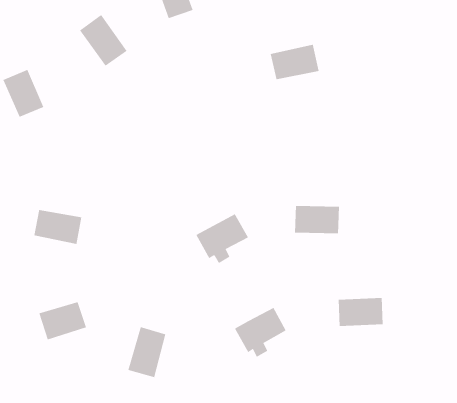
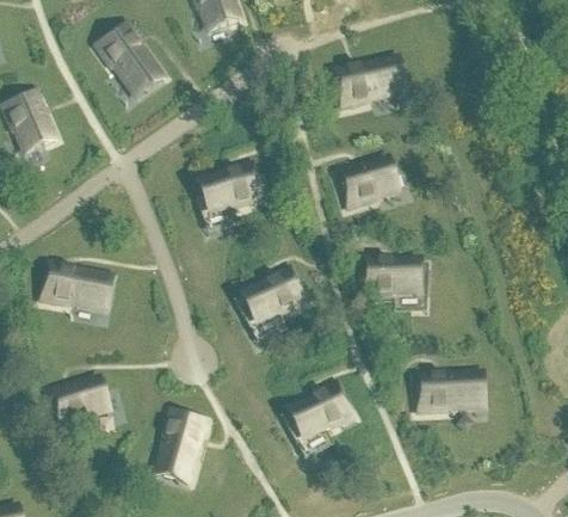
building: none -> [338,160,396,207]
building: none -> [200,167,264,224]

